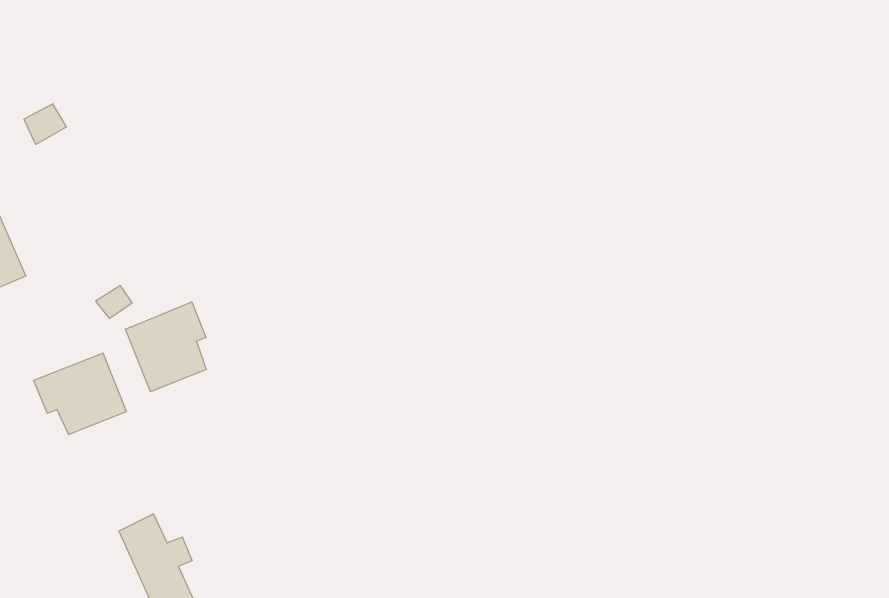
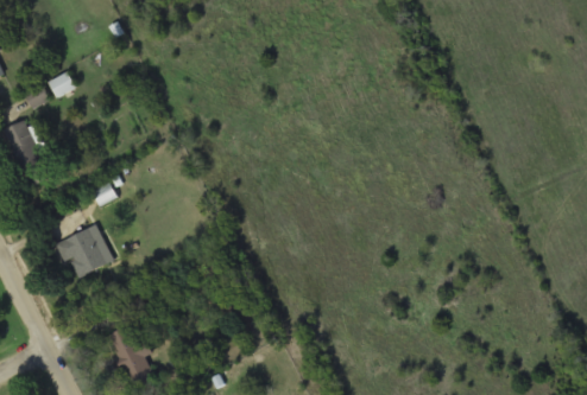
building: [125,302,206,392] -> none

